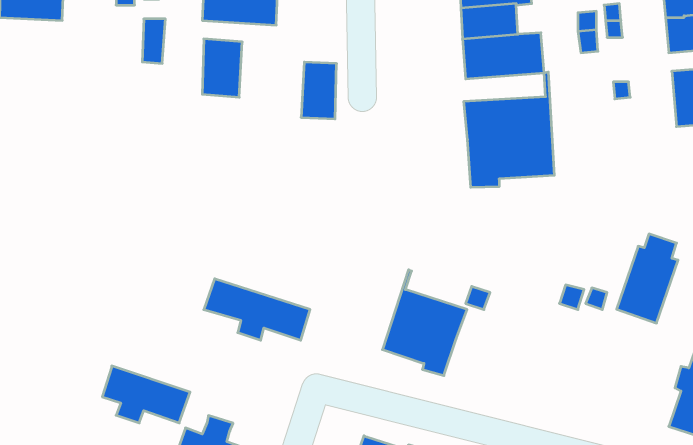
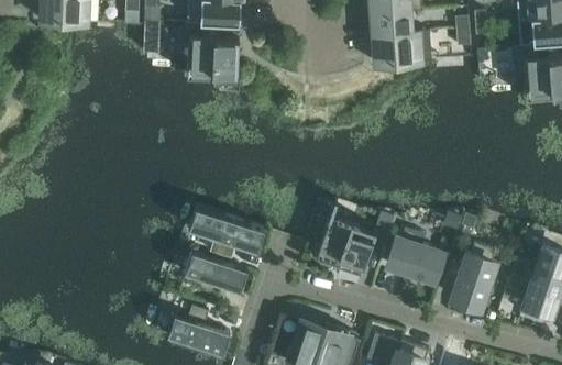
building: [301,62,337,119] -> [213,40,239,80]
building: [464,72,554,187] -> none
building: [617,234,678,323] -> [451,245,495,309]
building: none -> [387,229,442,281]
building: [102,366,190,423] -> [185,253,247,294]

